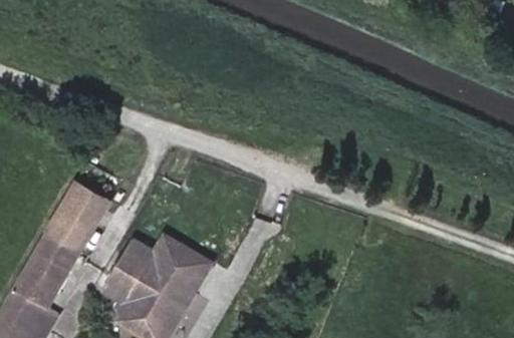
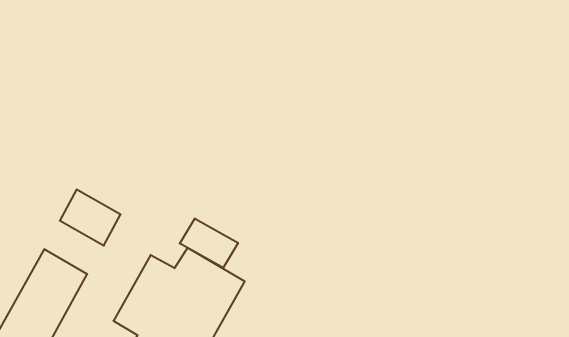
building: none -> [180,218,238,268]
building: [44,210,94,255] -> none

